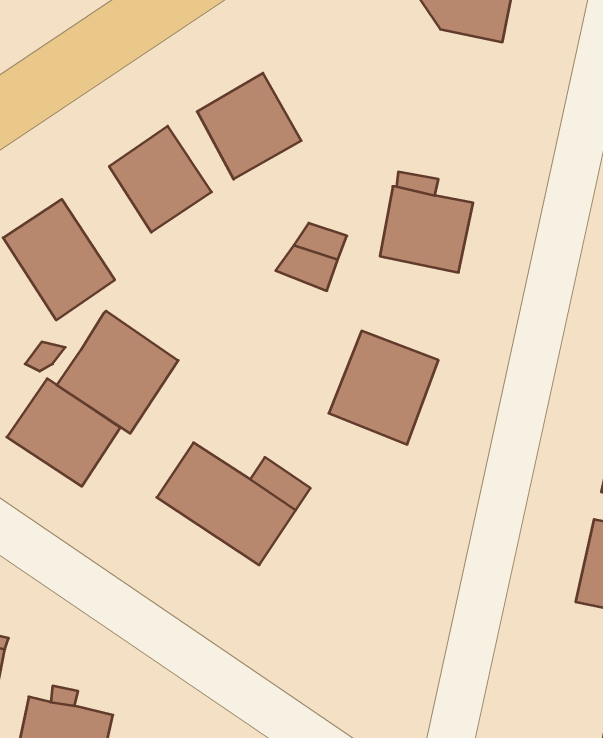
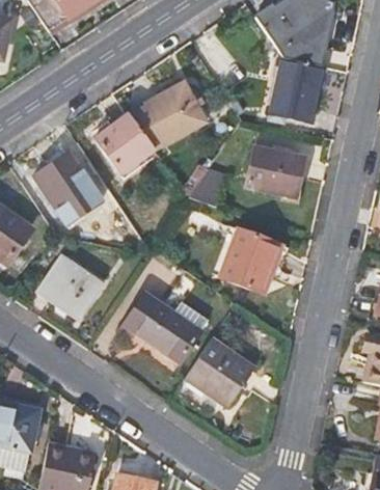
building: none -> [273,57,322,116]
building: [57,311,178,433] -> none
building: none -> [187,337,255,408]

